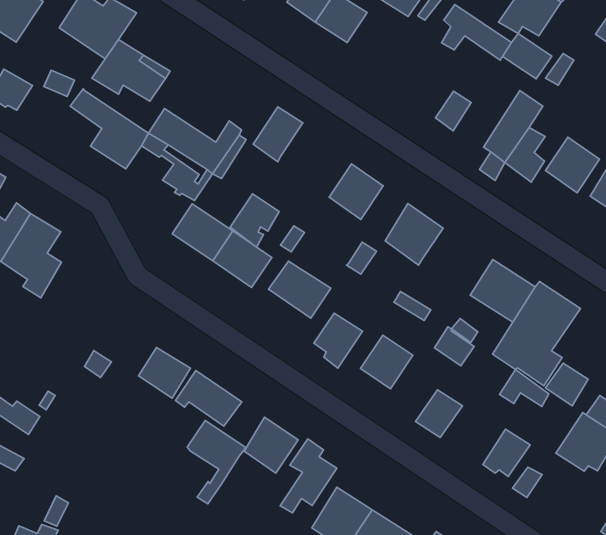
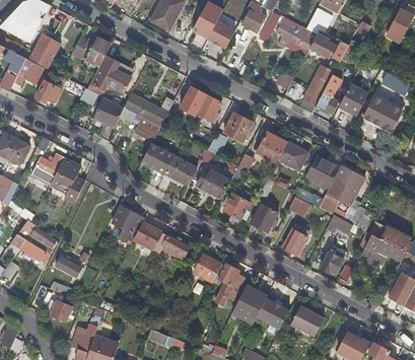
building: [230,194,279,247] -> [196,93,221,122]
building: none -> [278,141,308,170]
building: [187,421,246,504] -> [112,205,143,249]

